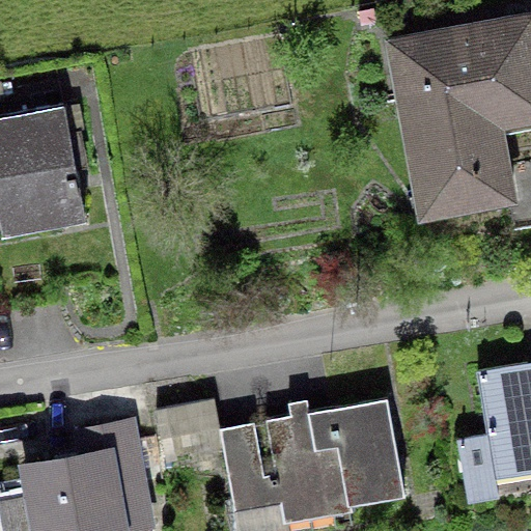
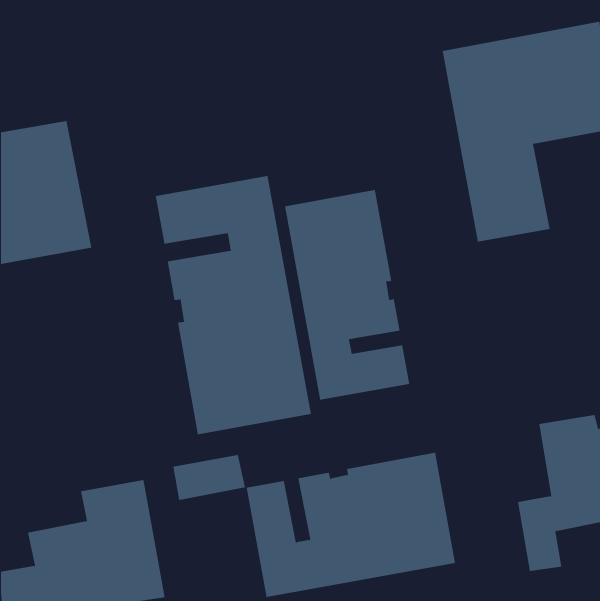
building: none -> [155,175,311,435]
building: none -> [284,189,410,401]

